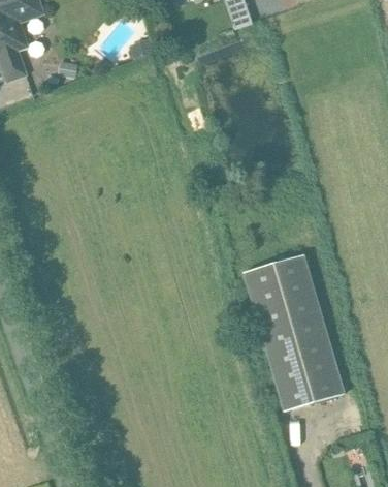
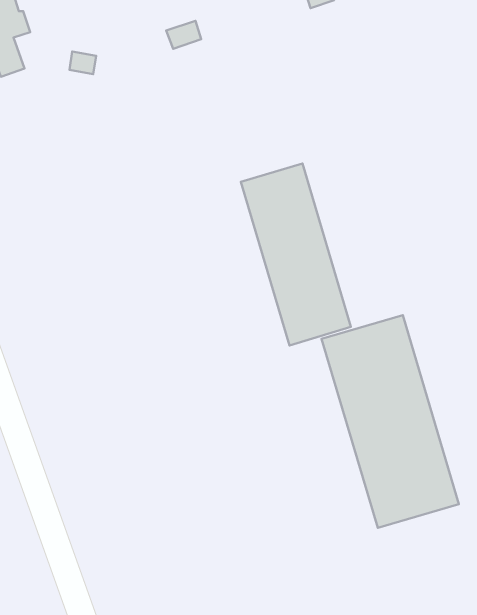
building: none -> [241,163,351,345]

